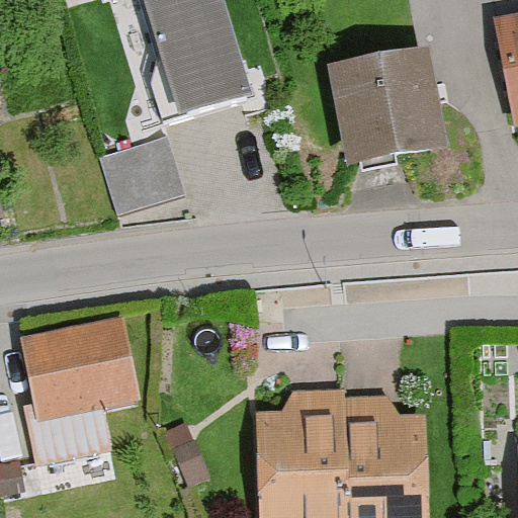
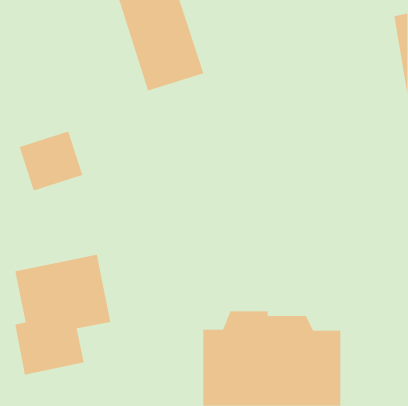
building: [332,51,444,166] -> none
building: [98,140,179,215] -> [19,131,83,191]

